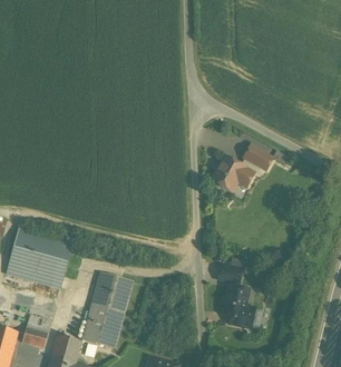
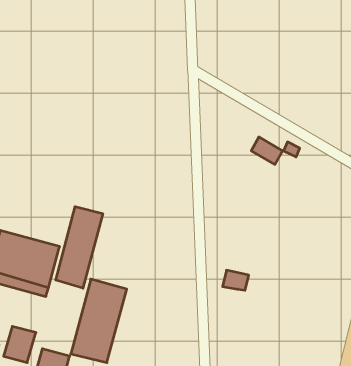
building: [213,156,253,190] -> none
building: none -> [56,207,103,288]
building: [222,285,254,327] -> none

